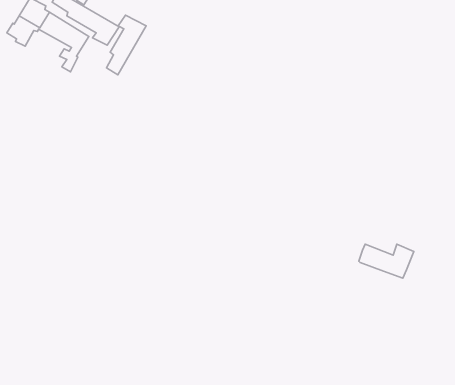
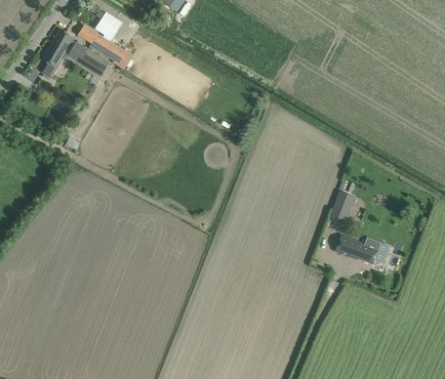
building: [106,15,146,75] -> none
building: none -> [331,191,355,219]

